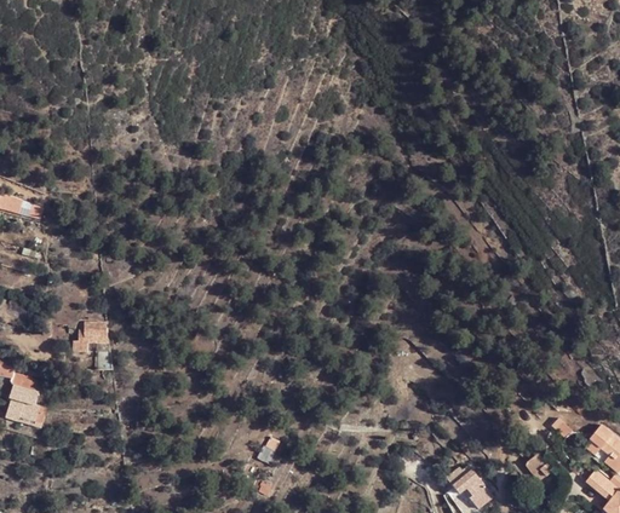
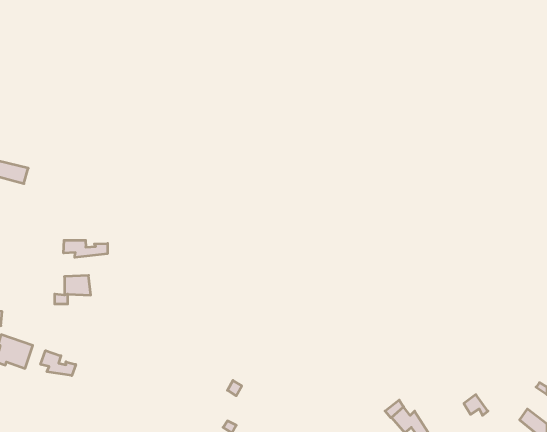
building: none -> [64,240,108,257]
building: none -> [41,351,76,376]

